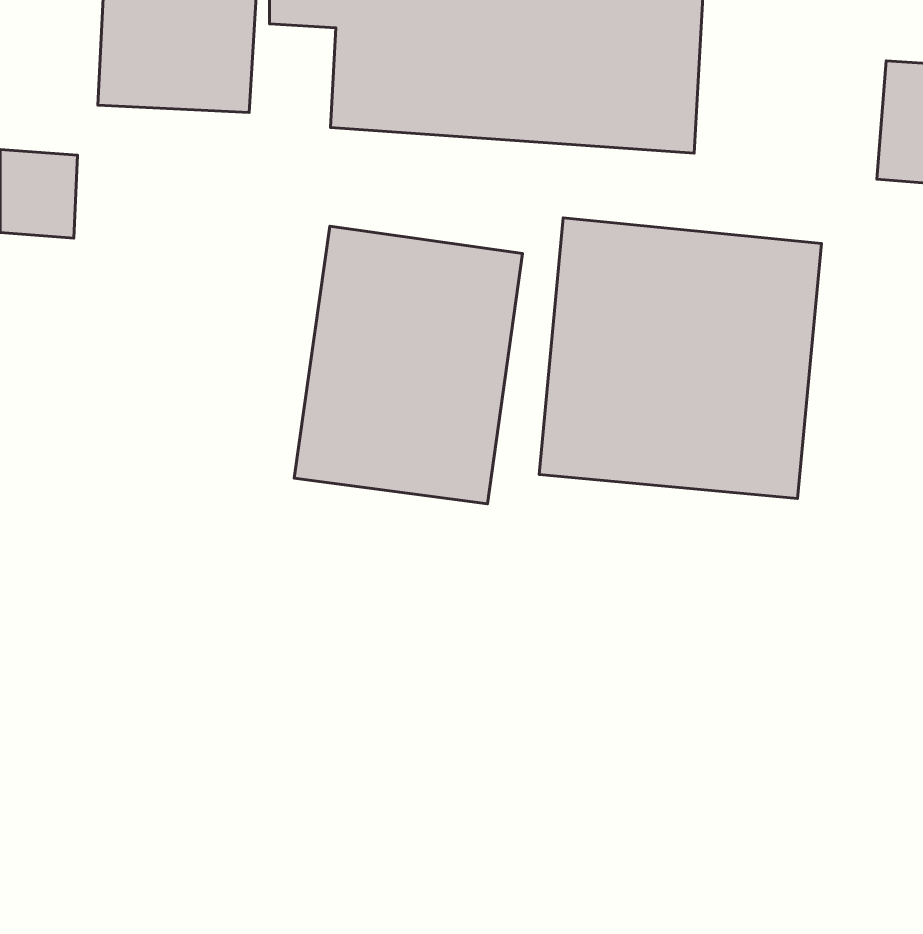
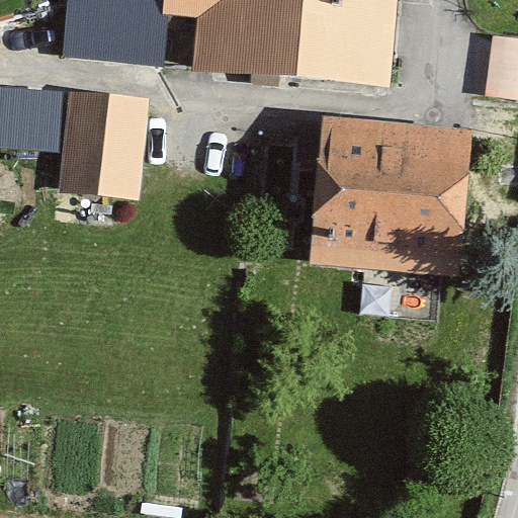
building: none -> [58,91,151,194]
building: [294,226,523,504] -> none

